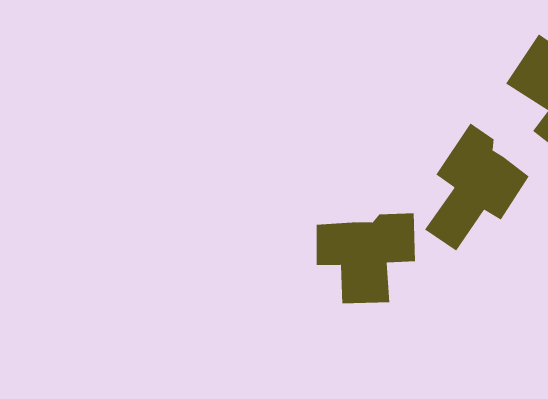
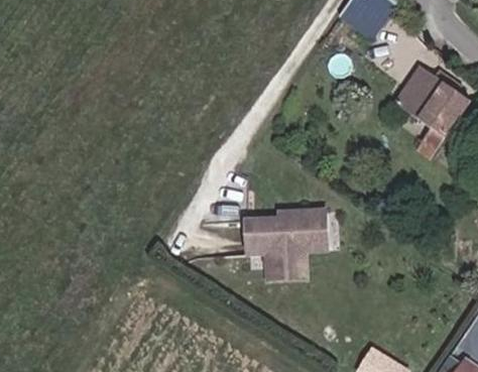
building: [424,122,530,251] -> none

